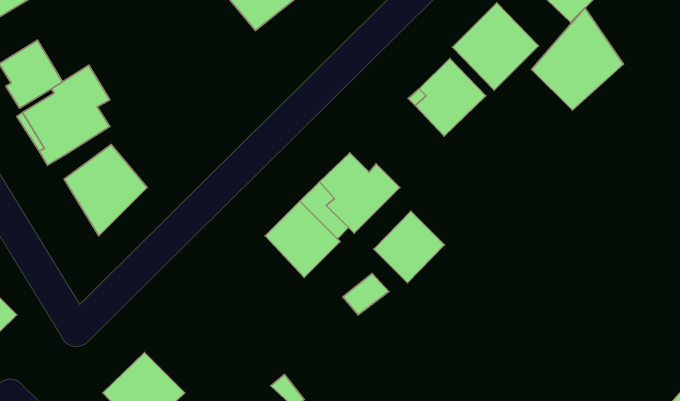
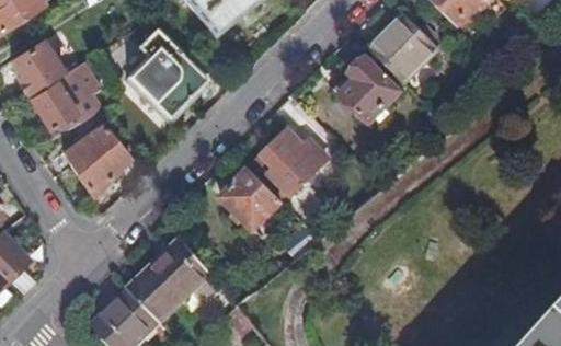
building: [531,8,623,110] -> none
building: none -> [128,30,206,116]
building: [374,211,444,283] -> none
building: none -> [126,235,220,321]

